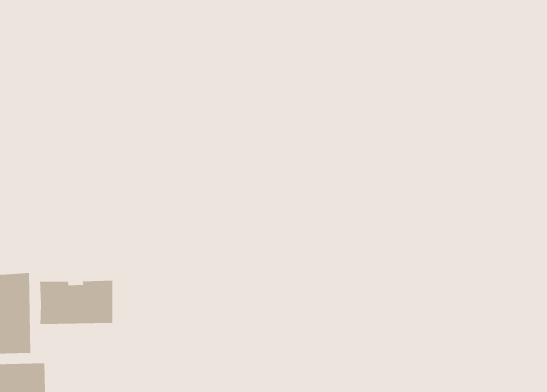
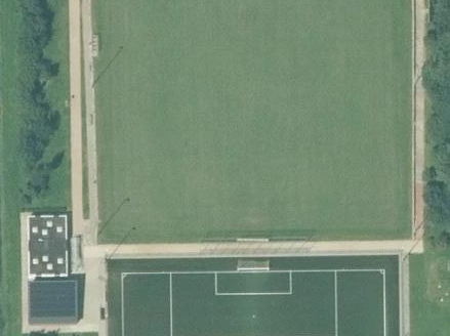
building: [40,280,113,325] -> none

